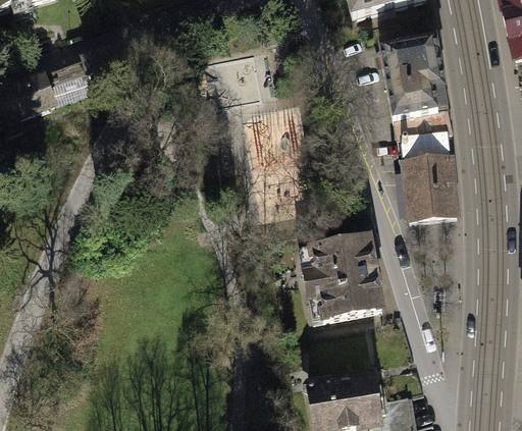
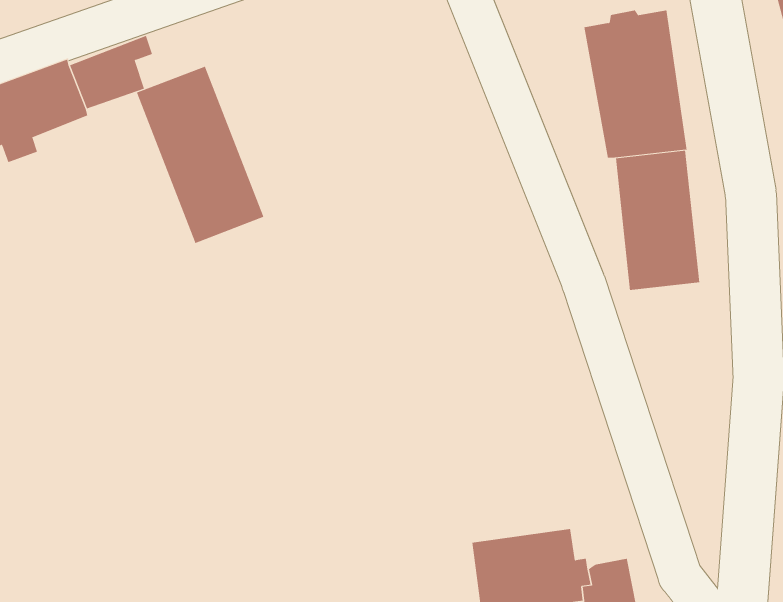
building: none -> [136,66,264,244]
building: [301,235,379,320] -> none

